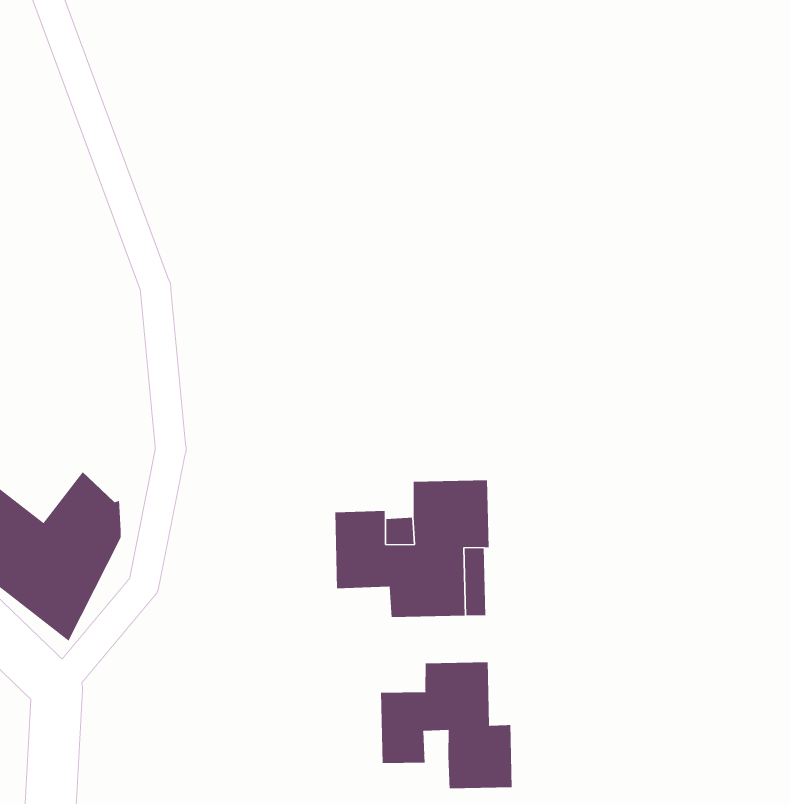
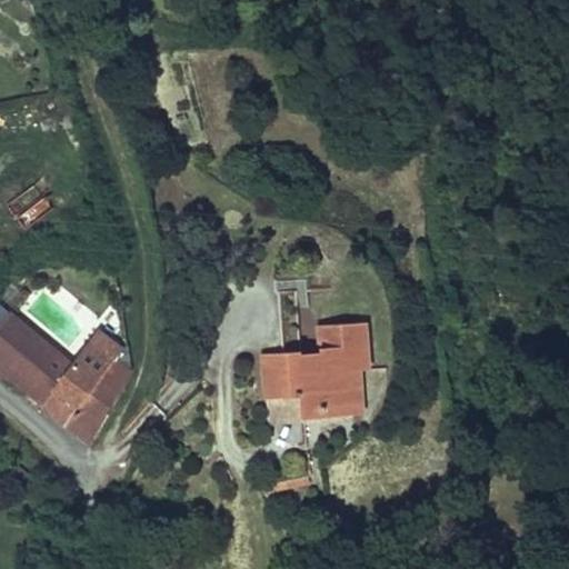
building: [380,662,512,789] -> none

